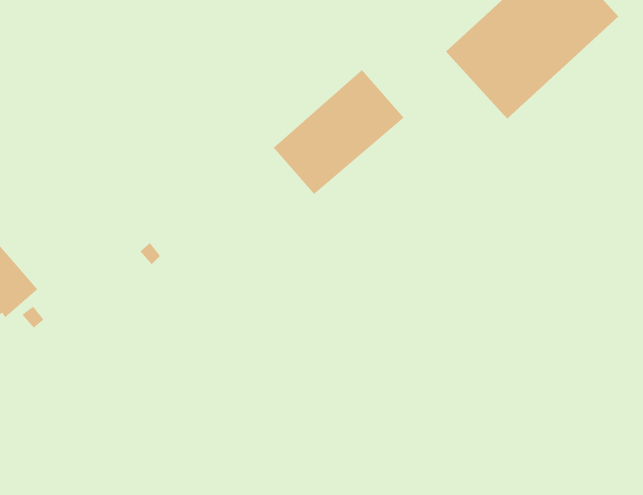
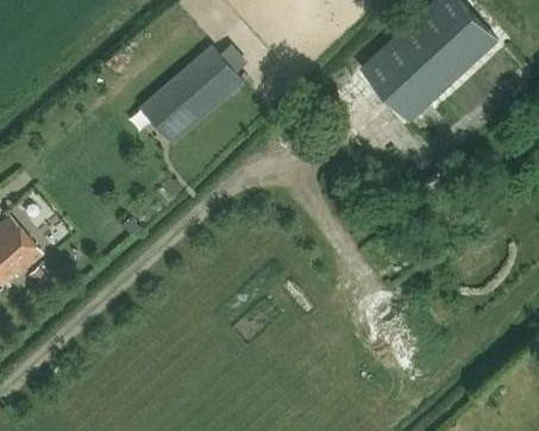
building: [273,69,405,195] -> [142,46,245,145]

